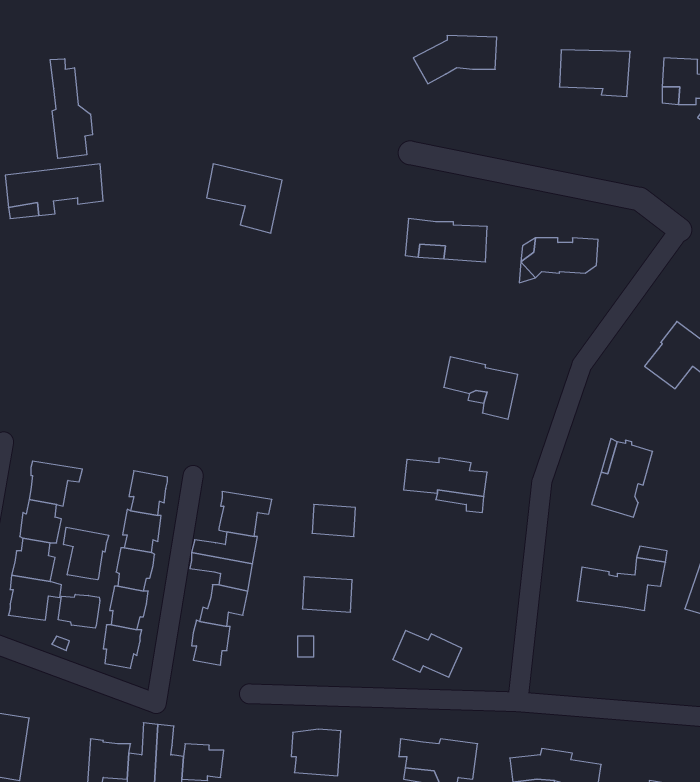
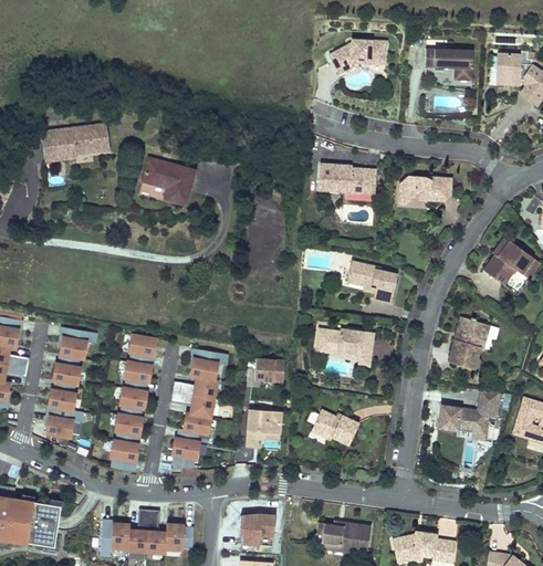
building: [50,59,93,158] -> none
building: [207,164,282,233] -> [137,158,189,206]
building: [64,527,109,580] -> none
building: [58,594,100,628] -> none
building: [393,630,462,677] -> [317,411,365,443]

